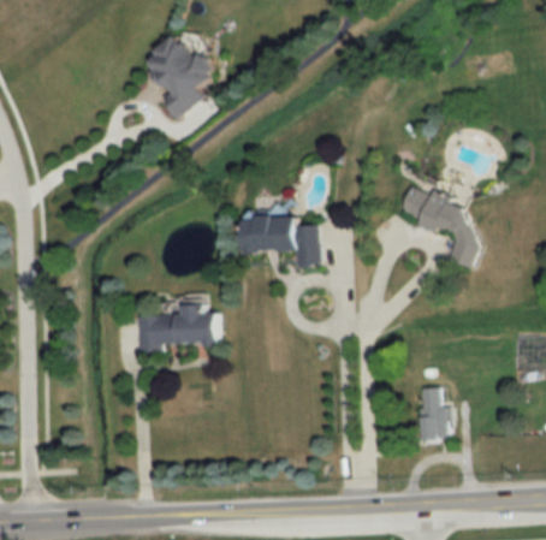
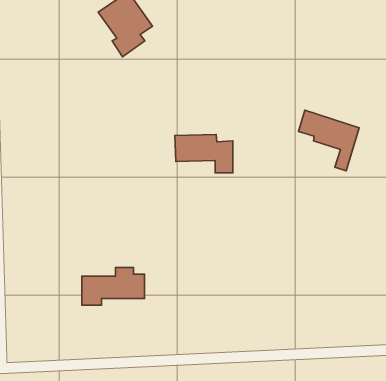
building: [138,304,219,352] -> [82,268,145,305]
building: [417,388,446,439] -> none

